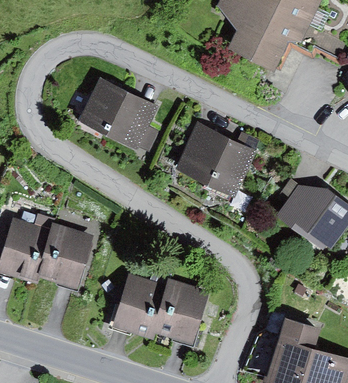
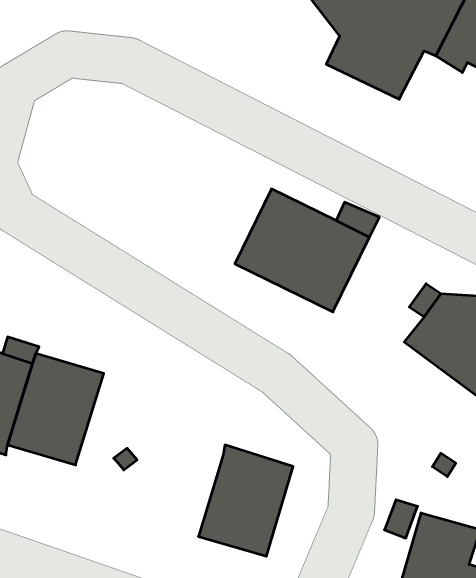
building: [78,77,159,151] -> none
building: [111,272,166,338] -> none

